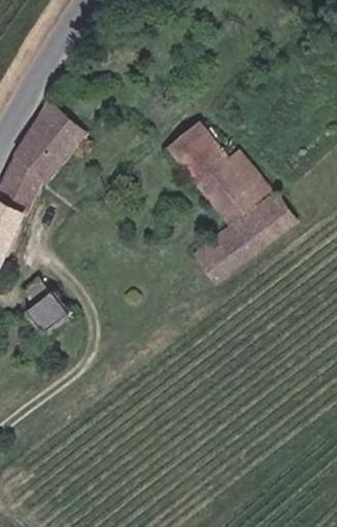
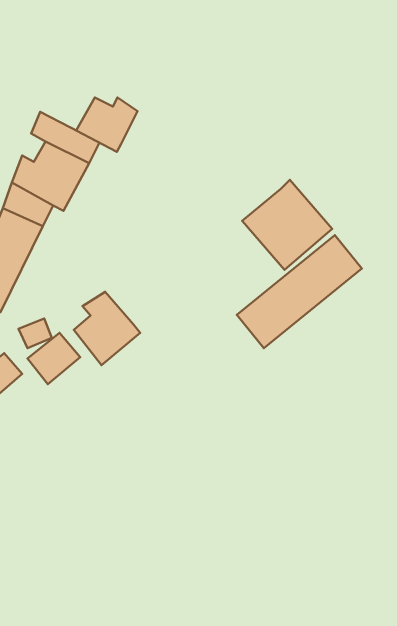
building: none -> [76,97,138,152]
building: [166,121,228,183] -> none
building: none -> [74,292,140,365]

